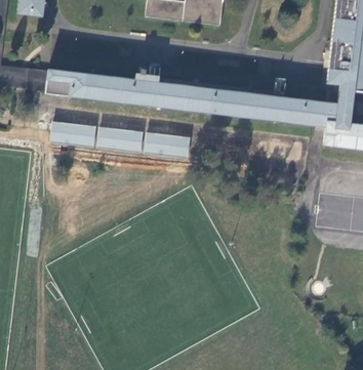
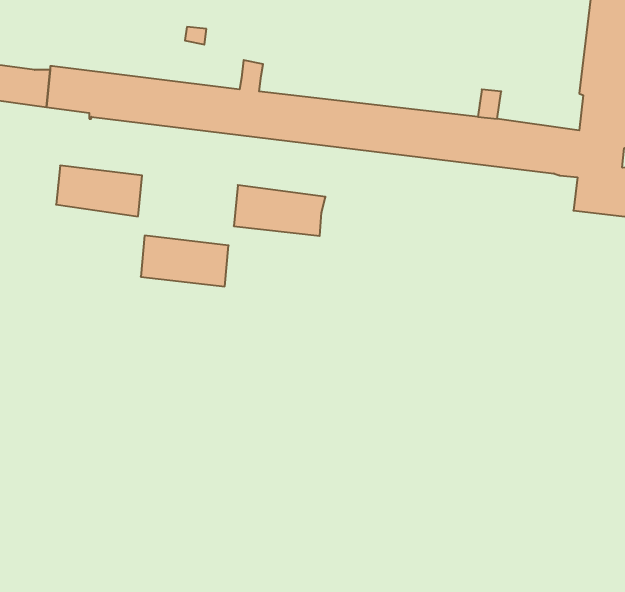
building: [97,126,144,153] -> [141,236,229,286]

